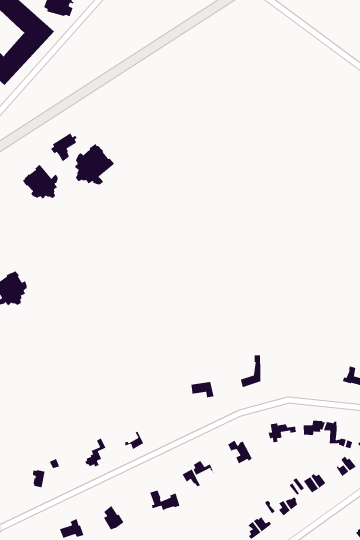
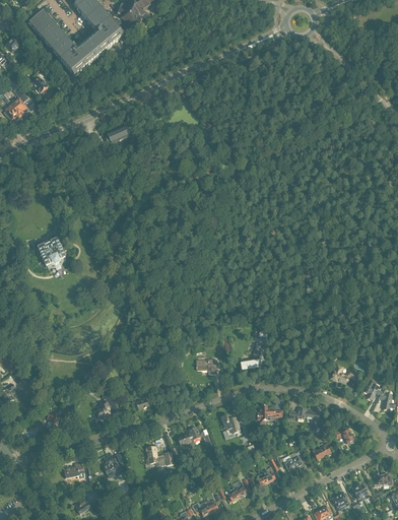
building: [74,143,115,185] -> none
building: [22,164,59,200] -> none

